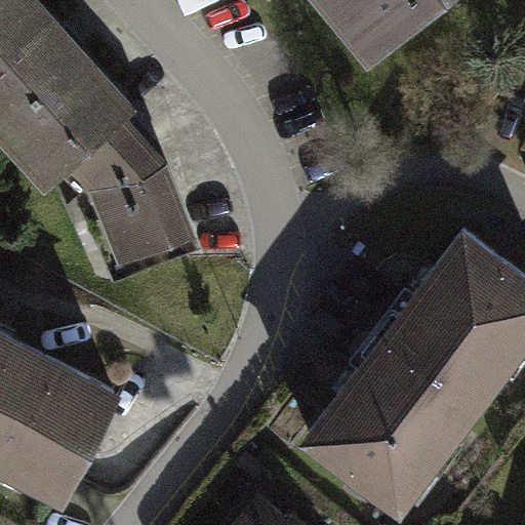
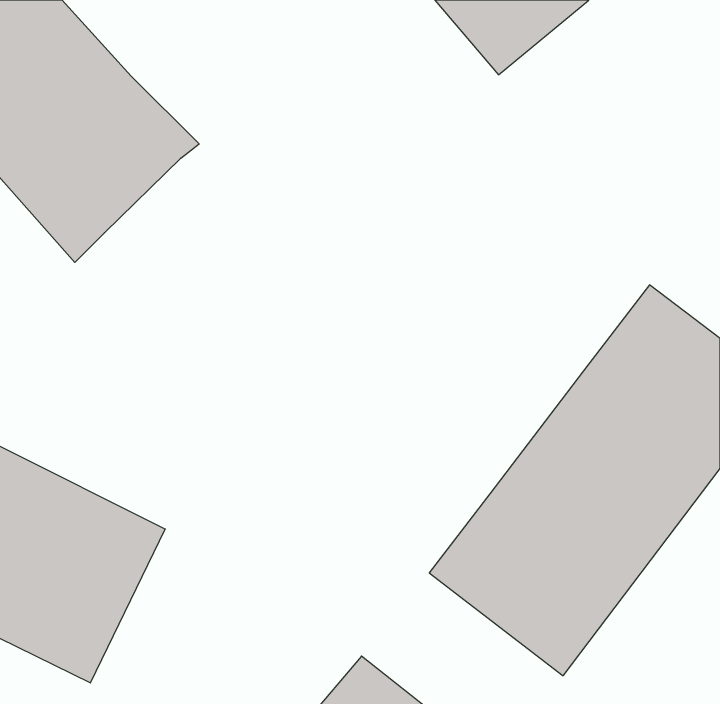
building: [76,127,208,297] -> none

